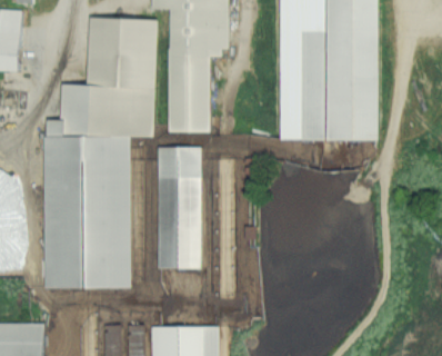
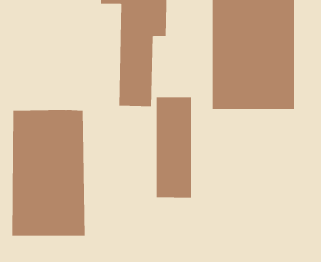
building: [58,17,159,138] -> none
building: [155,147,199,269] -> [156,97,192,198]

